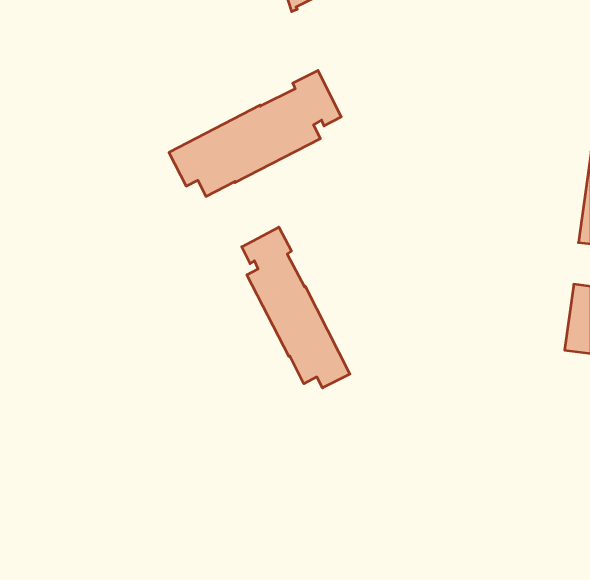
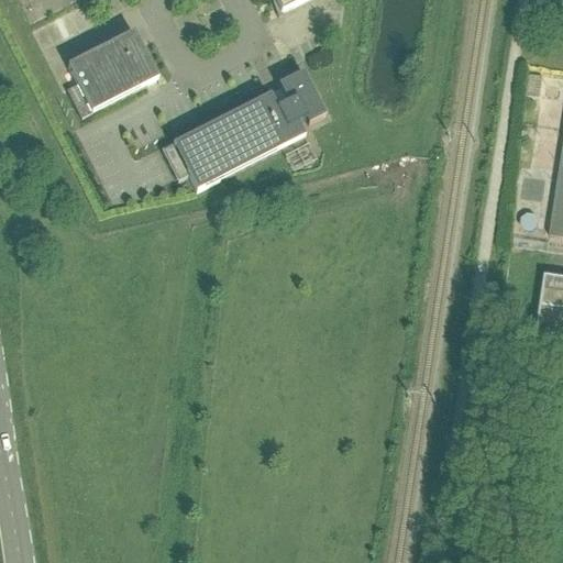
building: none -> [67,33,164,114]
building: [242,227,350,388] -> none

